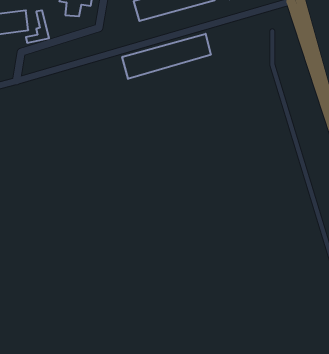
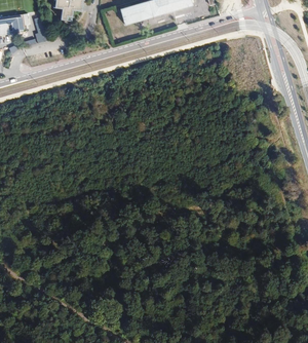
building: [122,34,211,79] -> none

